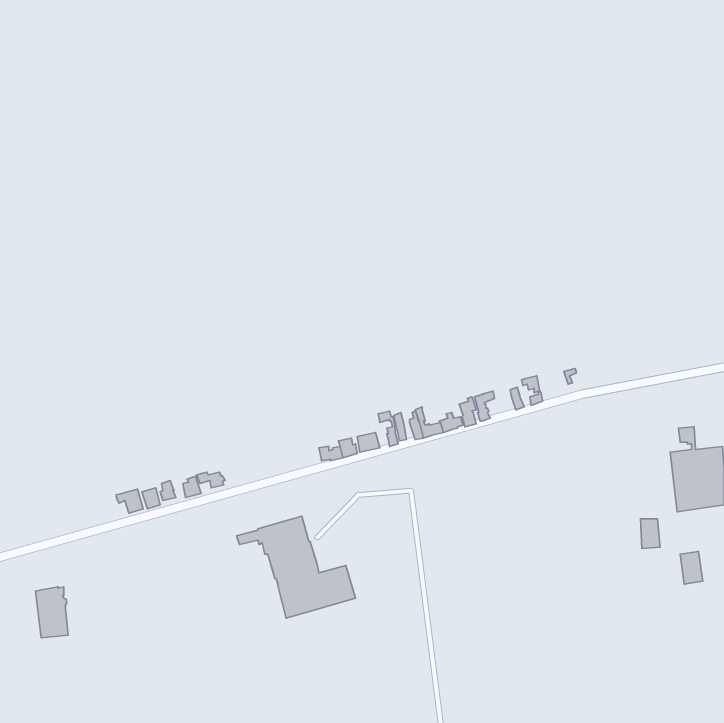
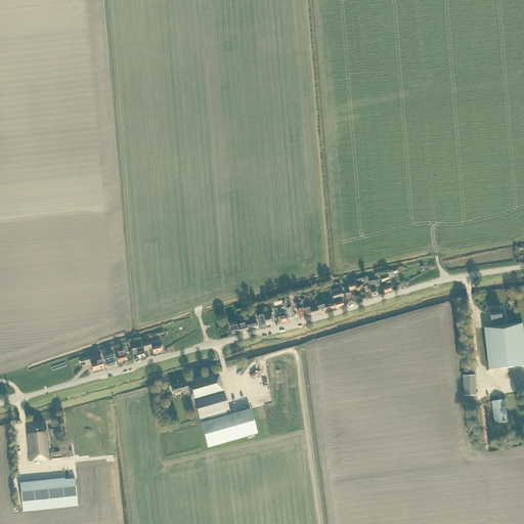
building: none -> [19,478,78,511]

